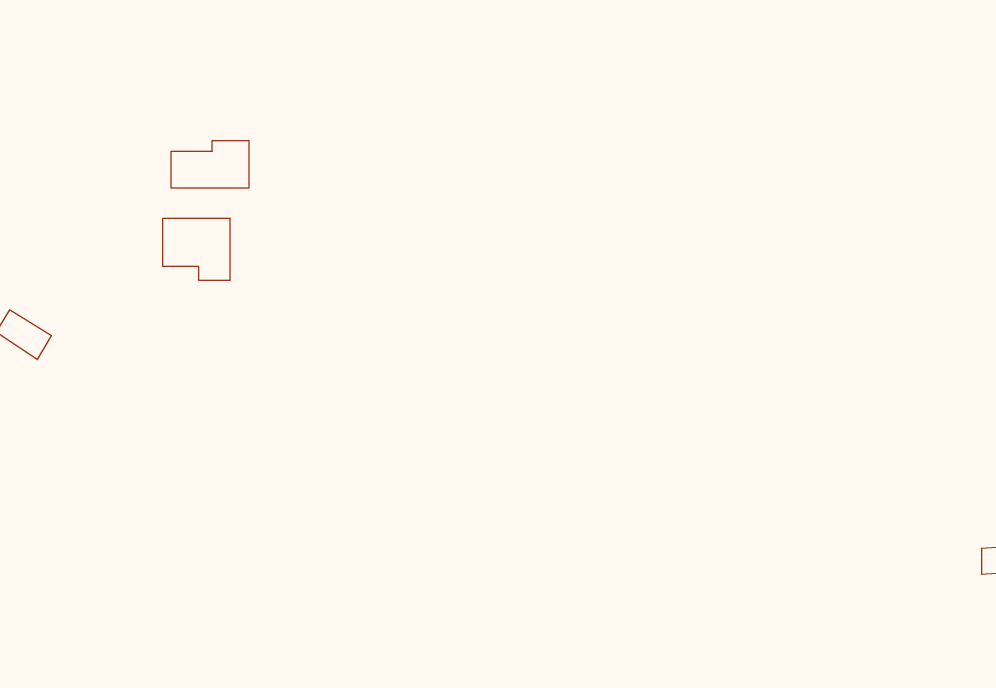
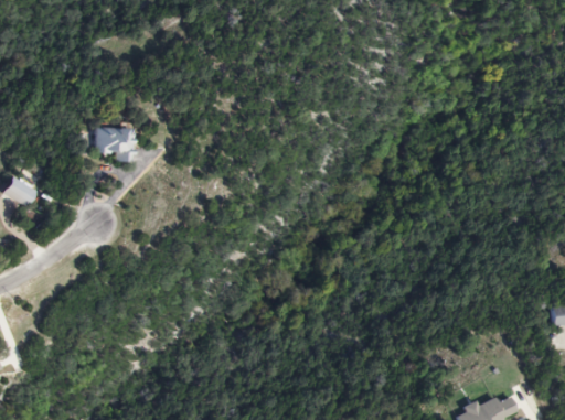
building: [171,140,249,188] -> none

